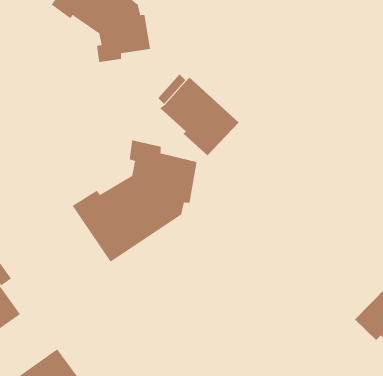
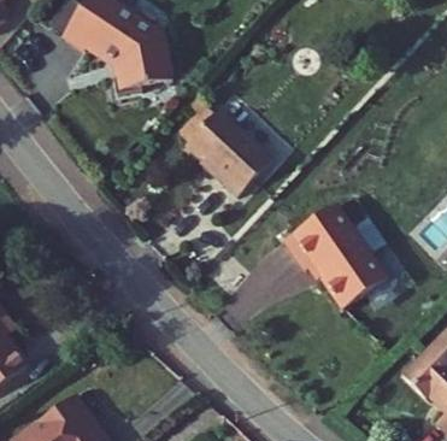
building: [72,139,197,262] -> none
building: none -> [290,198,394,302]

